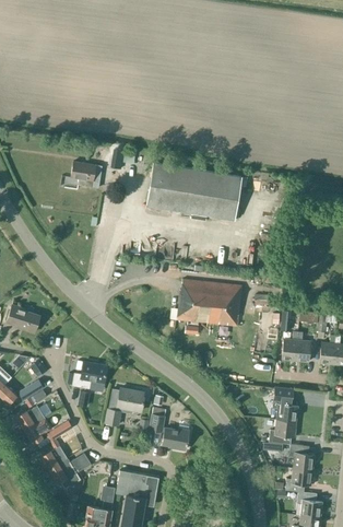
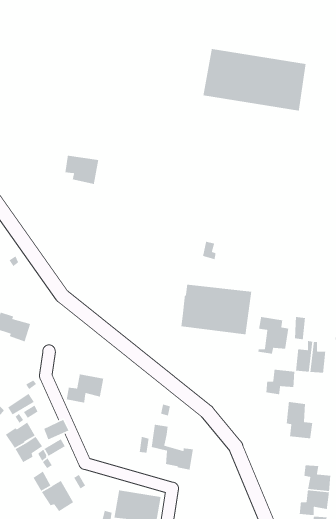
building: [146,163,241,221] -> [203,48,307,111]
building: [106,388,144,425] -> none
building: [269,420,296,444] -> [265,369,295,395]

